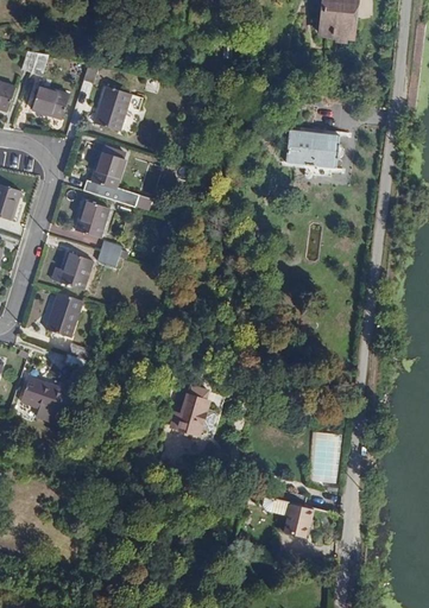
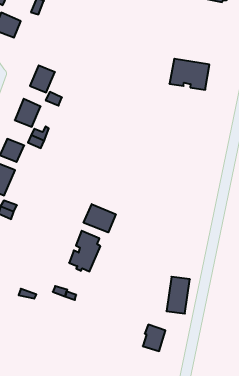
building: [94,83,131,128] -> none
building: none -> [84,204,116,232]

